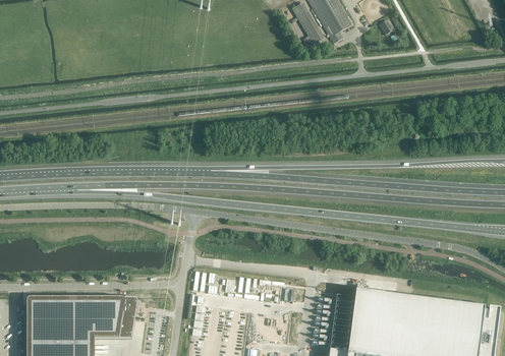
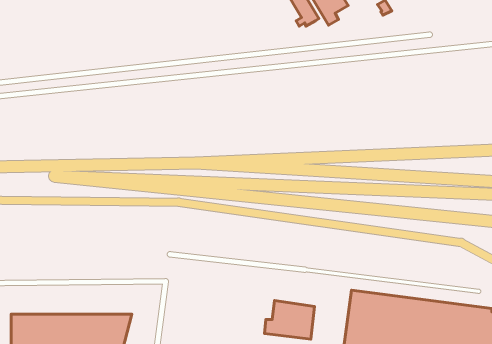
building: none -> [264,301,314,339]

